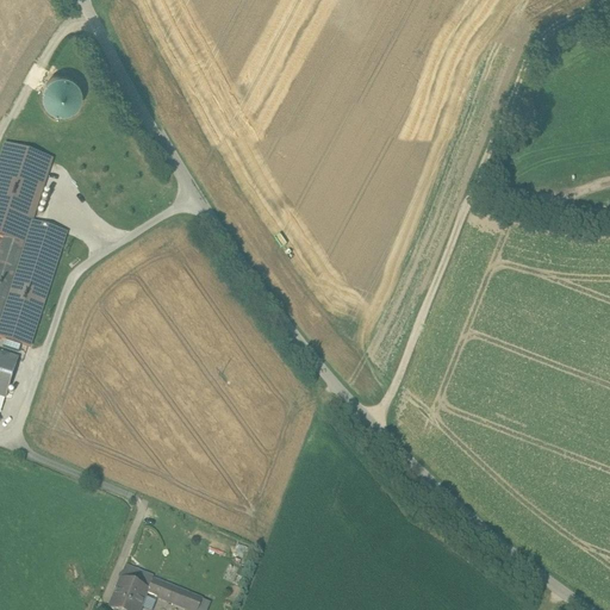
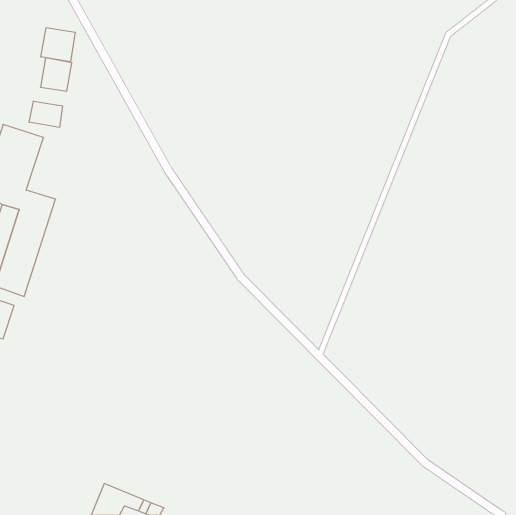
building: none -> [41,28,75,62]
building: none -> [29,101,63,127]

